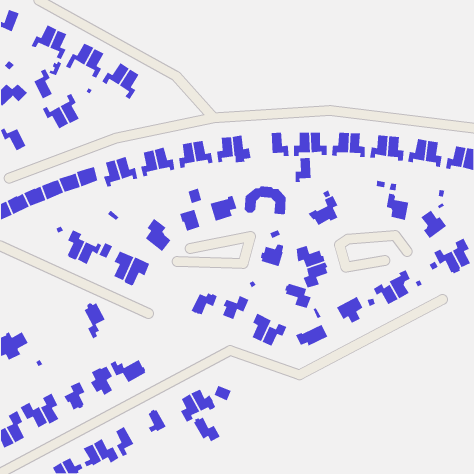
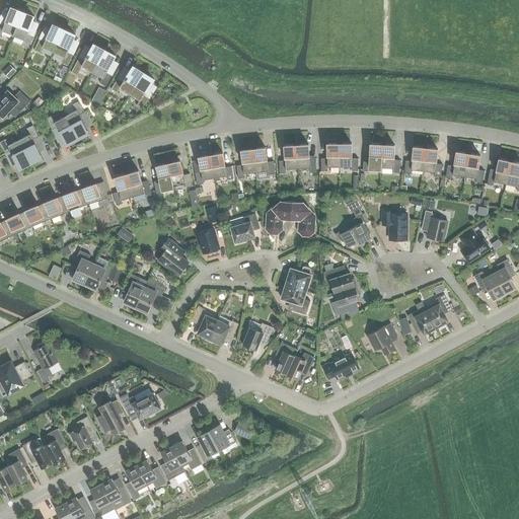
building: none -> [13,12,34,48]
building: [33,68,54,100] -> [19,126,42,160]
building: [295,157,311,183] -> [279,145,297,173]
building: none -> [382,211,405,240]
building: none -> [191,305,218,341]
building: [284,283,312,309] -> [280,286,310,314]
building: [83,302,106,339] -> [33,343,58,383]
building: [193,416,221,442] -> [171,441,202,469]
building: none -> [136,460,166,488]

